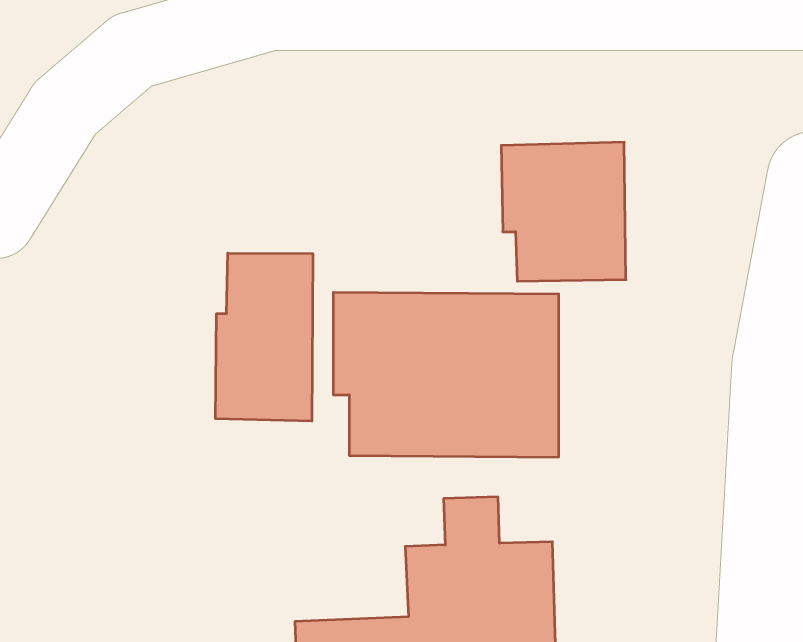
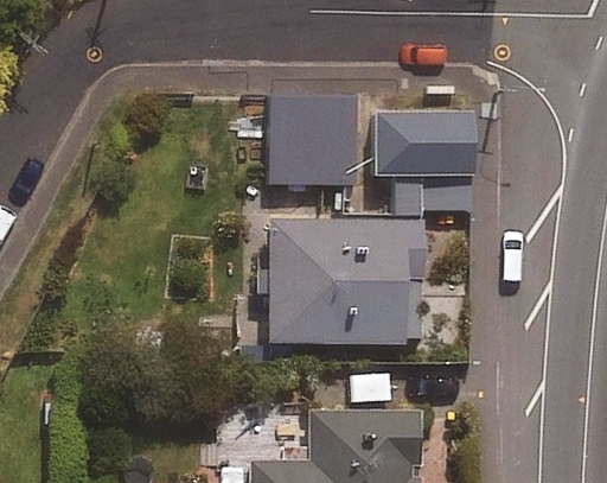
building: none -> [269,98,358,184]
building: [216,253,313,421] -> none

